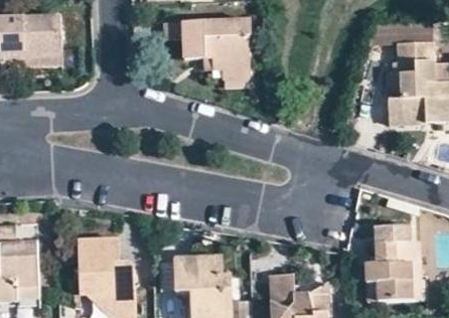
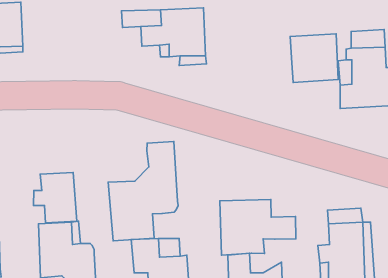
building: none -> [290,34,338,83]
building: none -> [108,141,178,241]
building: none -> [34,172,77,223]
building: none -> [220,199,296,255]

